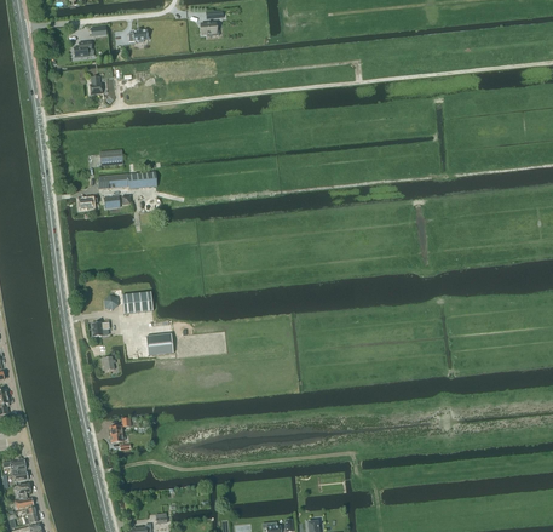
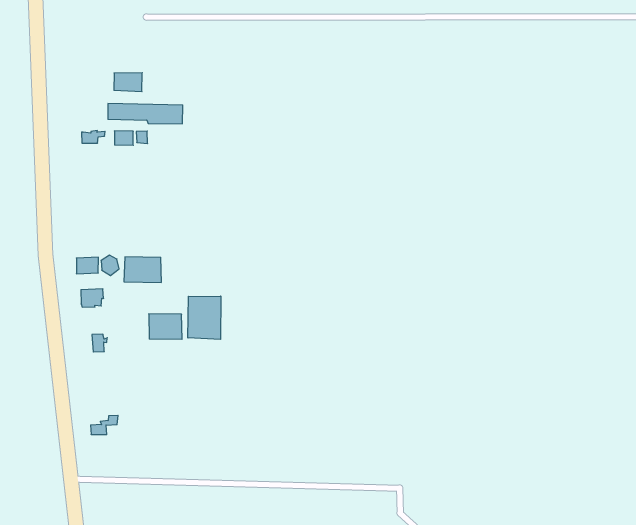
building: none -> [188,296,221,339]

